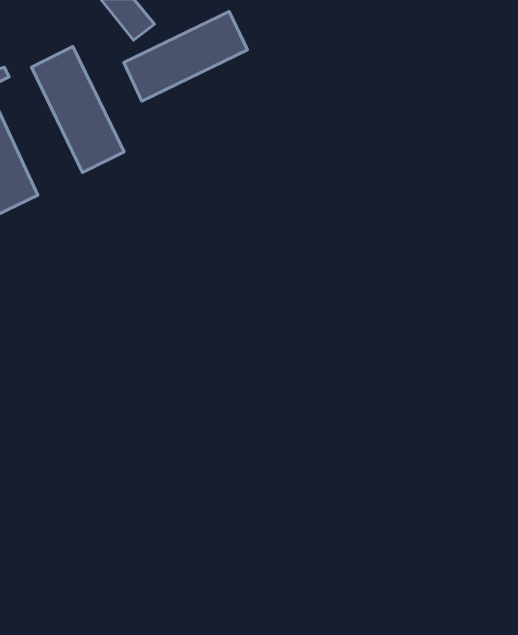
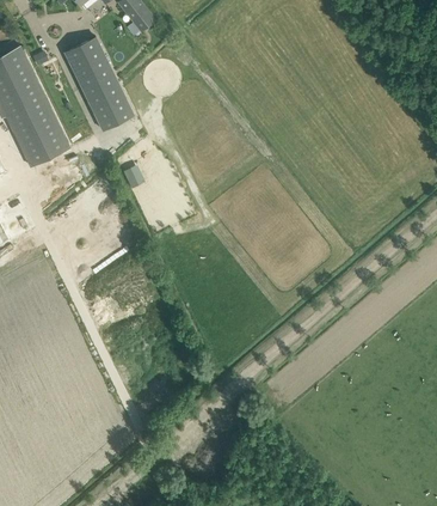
building: [124,11,247,101] -> none

